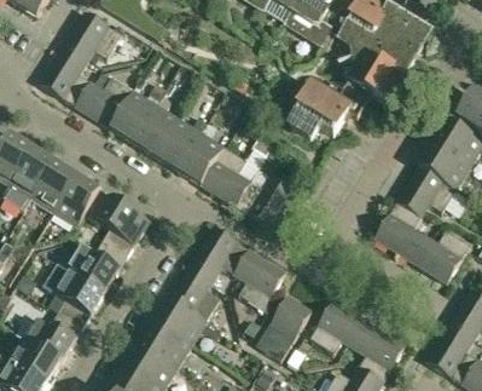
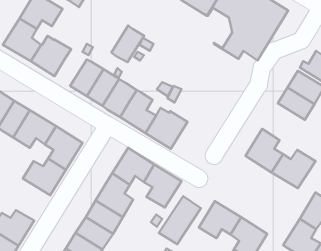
building: [290,81,366,136] -> none
building: [112,88,157,139] -> [112,25,144,62]
building: [399,163,458,214] -> none
building: [43,261,106,326] -> none

